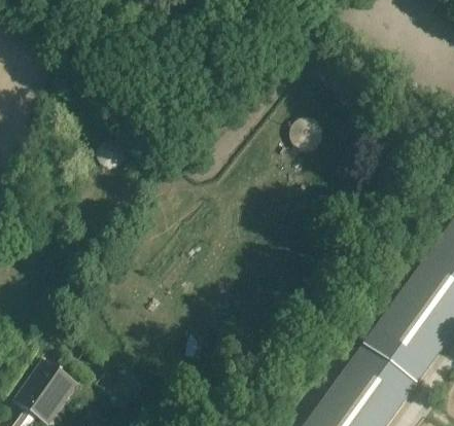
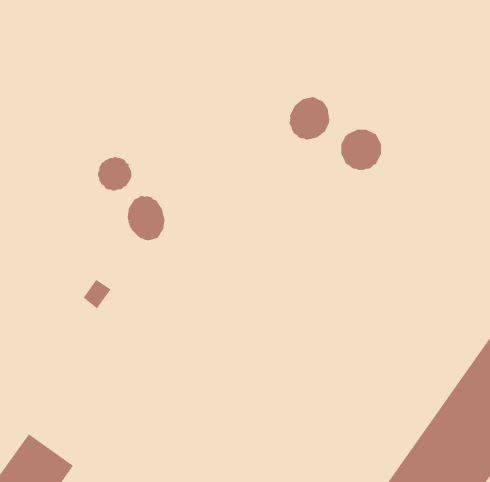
building: none -> [289,96,330,141]
building: none -> [127,195,165,241]

